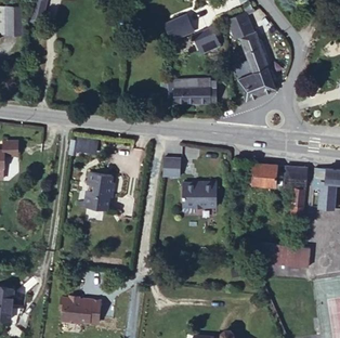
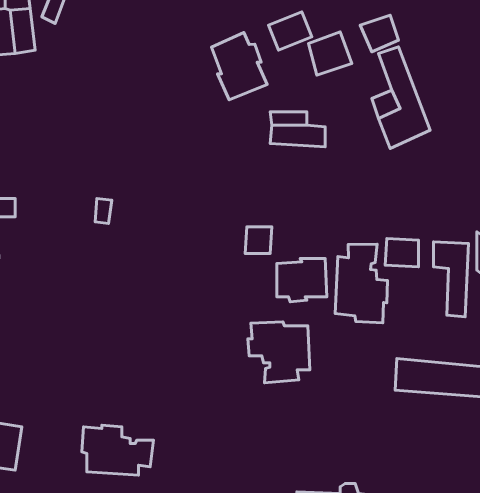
building: none -> [211,32,267,100]
building: [76,166,110,207] -> none
building: none -> [335,244,388,323]
building: none -> [248,322,310,383]

